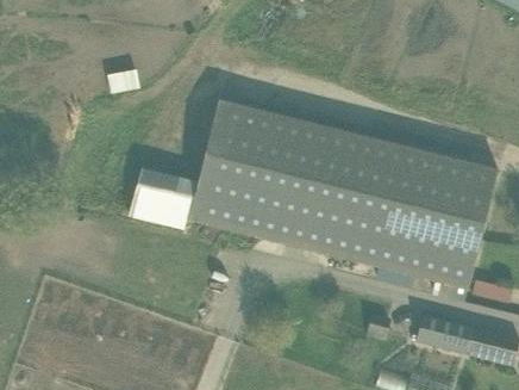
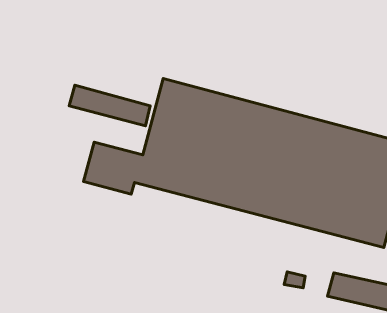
building: none -> [69,85,150,126]

